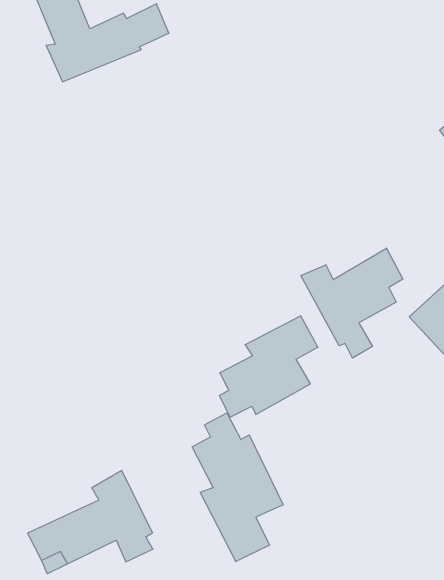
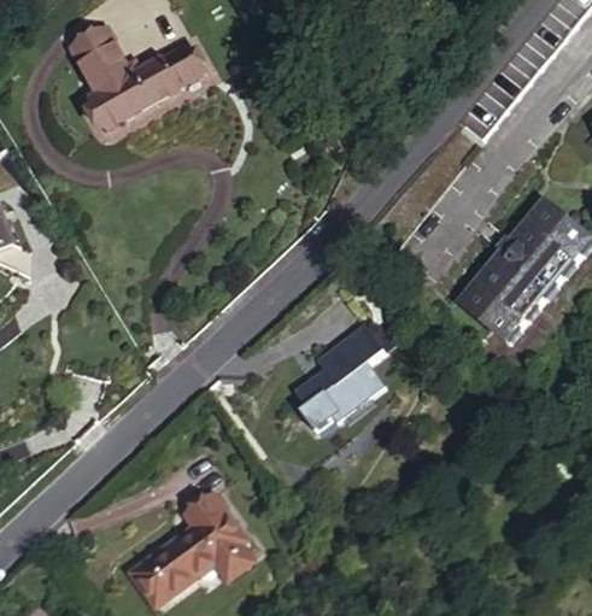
building: [301,248,403,358] -> none
building: [192,413,283,562] -> none

